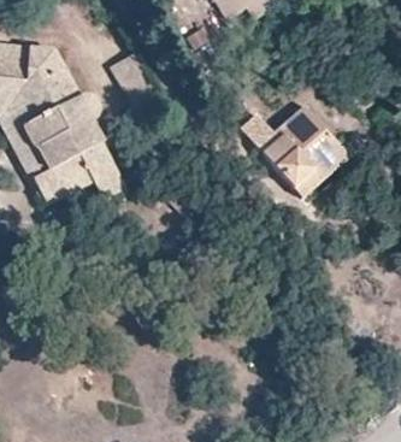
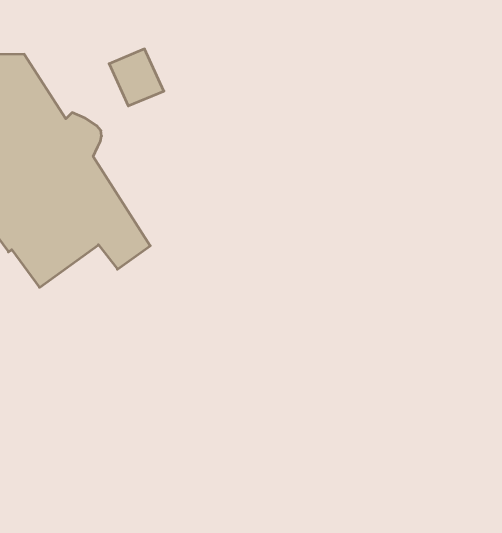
building: [256,105,349,198] -> none

